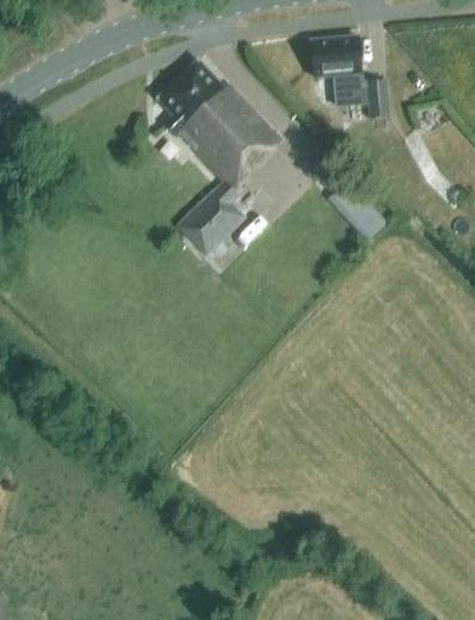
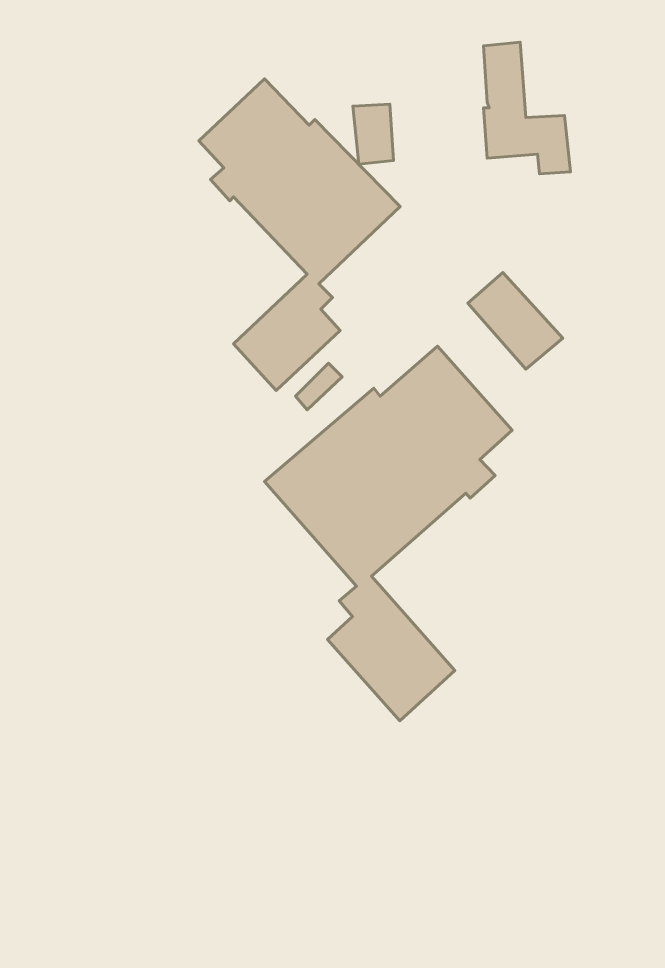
building: [311,39,337,76] -> [353,104,394,164]
building: none -> [265,346,512,721]

